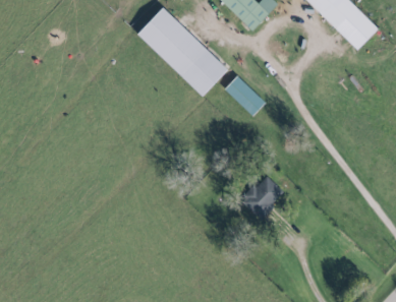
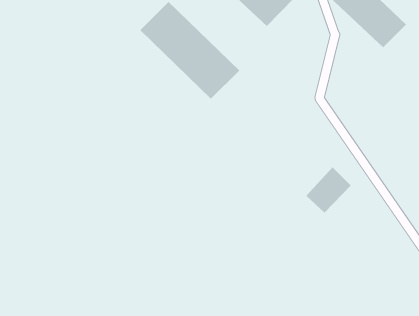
building: [224,75,265,115] -> none
building: [241,174,283,217] -> [306,167,351,214]

